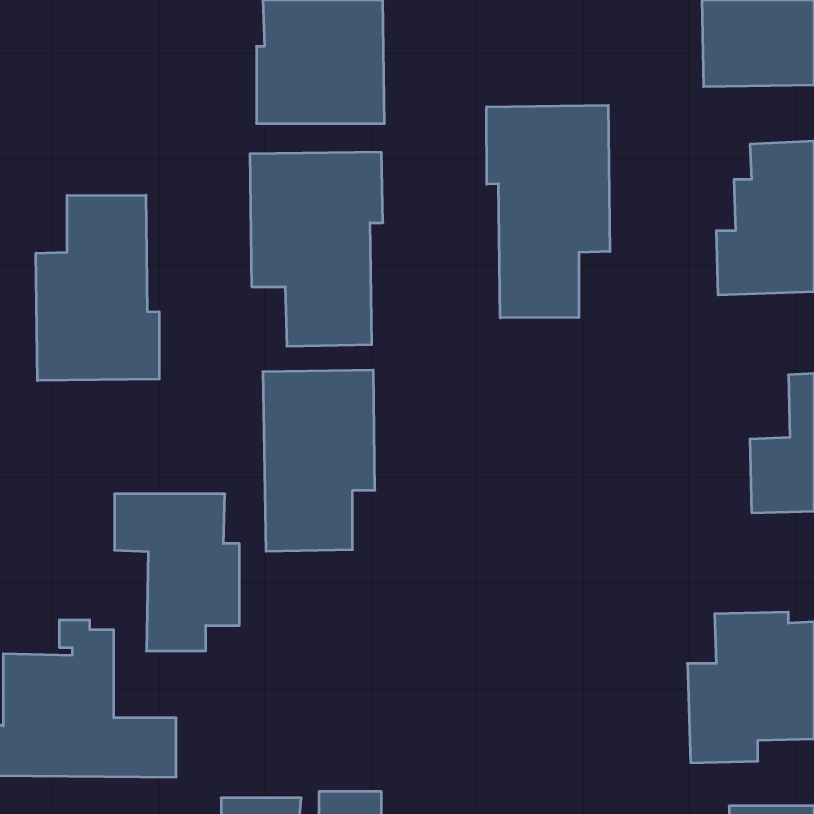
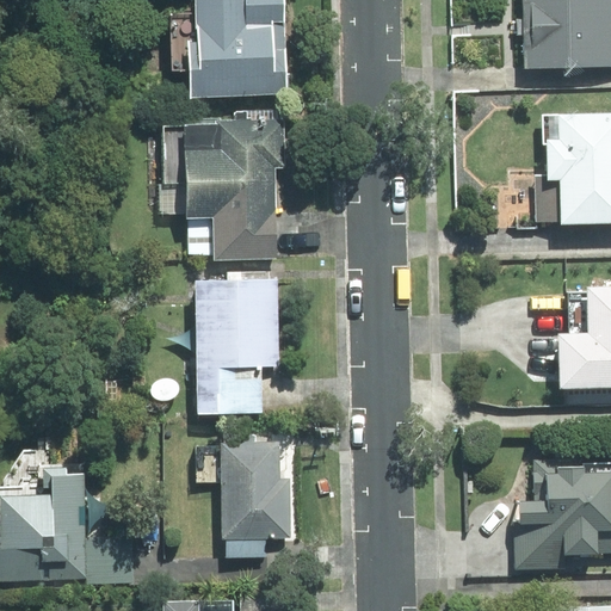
building: [487,105,610,318] -> none
building: [36,195,159,381] -> none
building: [114,494,239,651] -> [198,442,291,558]

